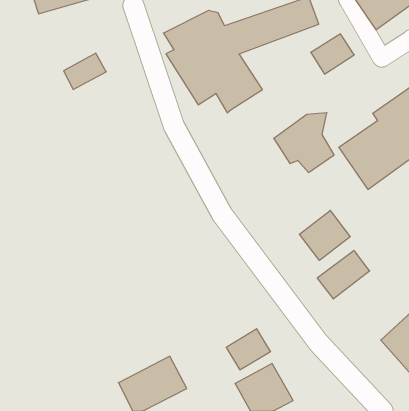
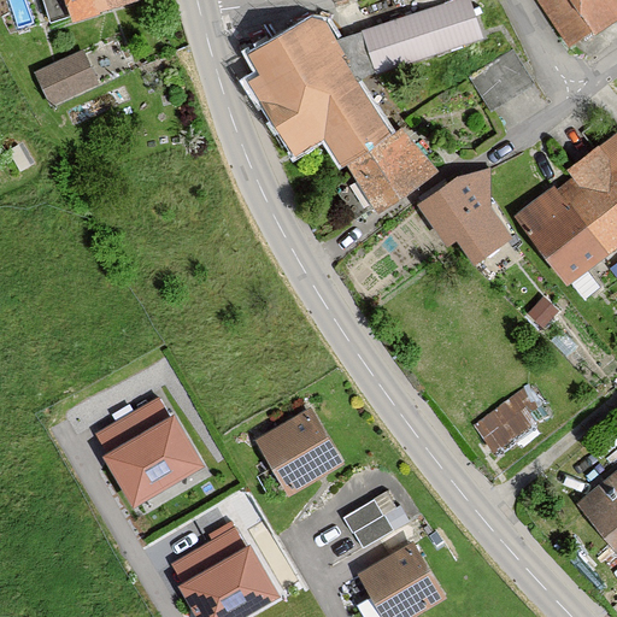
building: [64,53,106,89] -> [34,51,98,105]
building: none -> [349,127,443,213]
building: [299,210,350,260] -> none
building: none -> [107,405,206,494]
building: none -> [252,406,339,494]

